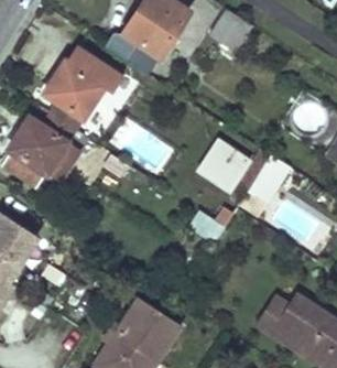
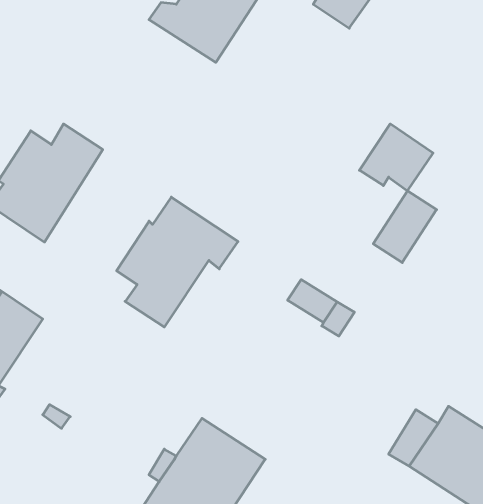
building: [44,45,122,129] -> [117,197,238,327]
building: [200,141,248,184] -> [359,124,433,191]

